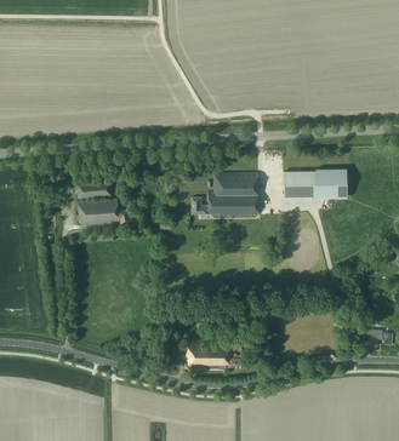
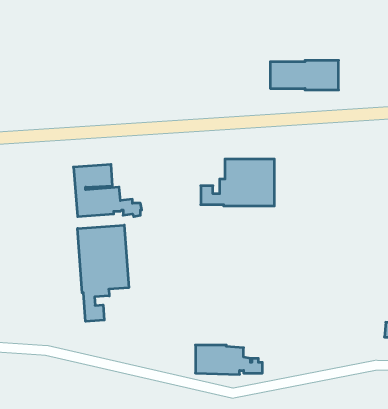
building: [284,171,346,197] -> [270,60,339,90]
building: none -> [78,225,129,321]

